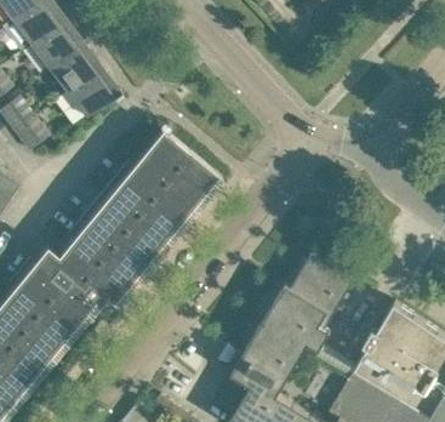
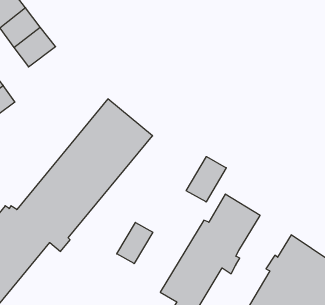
building: [65,65,120,115] -> none
building: none -> [186,157,226,202]
building: none -> [117,222,153,264]

